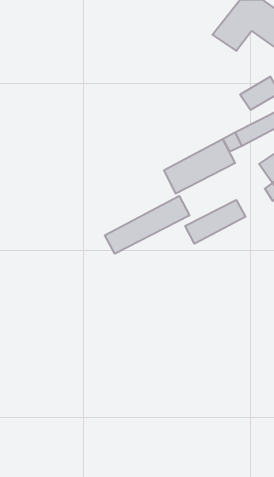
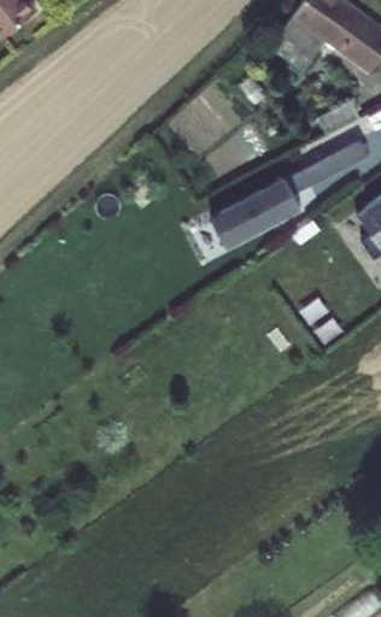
building: [105,196,189,254] -> none
building: [185,200,245,244] -> none

